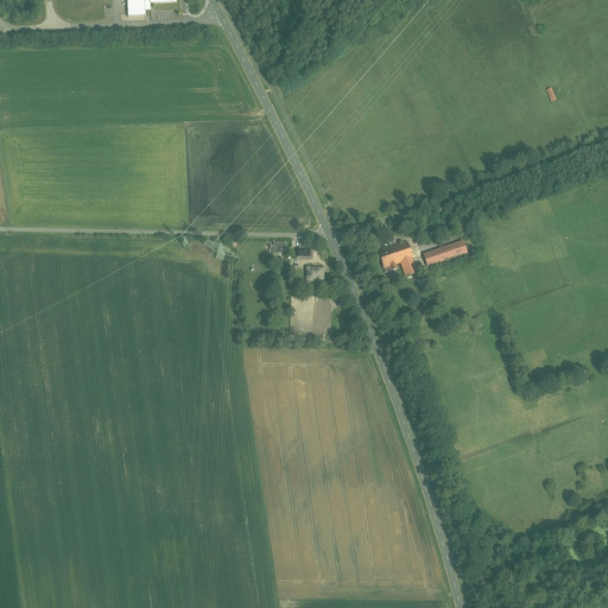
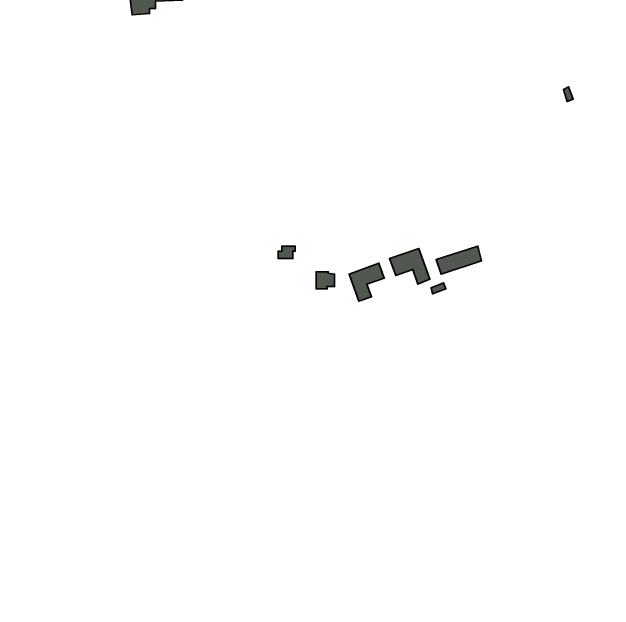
building: none -> [349,263,384,301]

